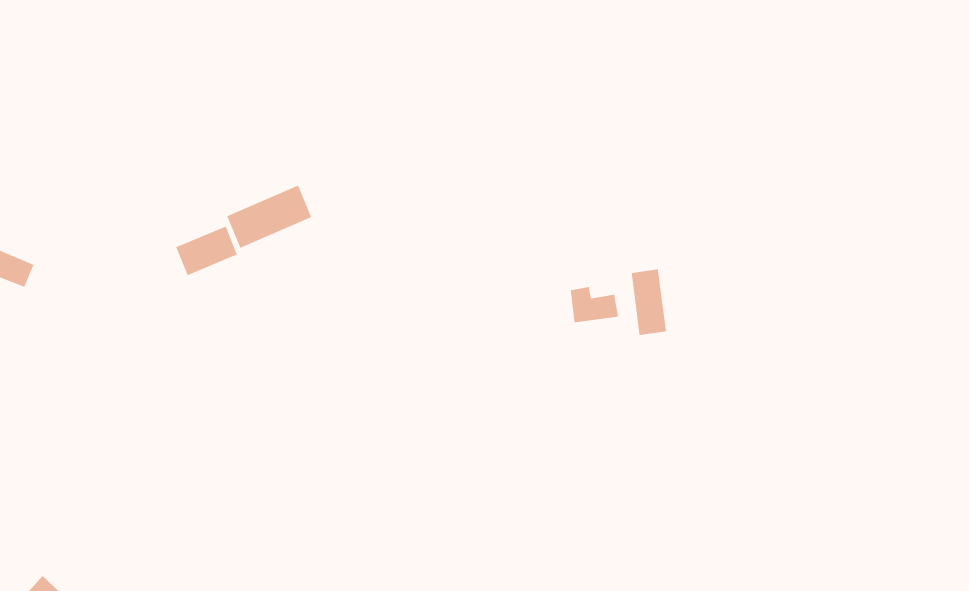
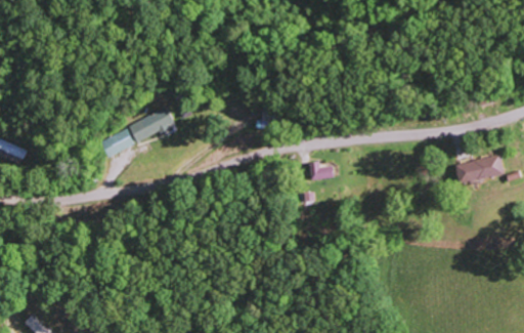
building: [631,268,667,336] -> none
building: none -> [455,154,505,185]

